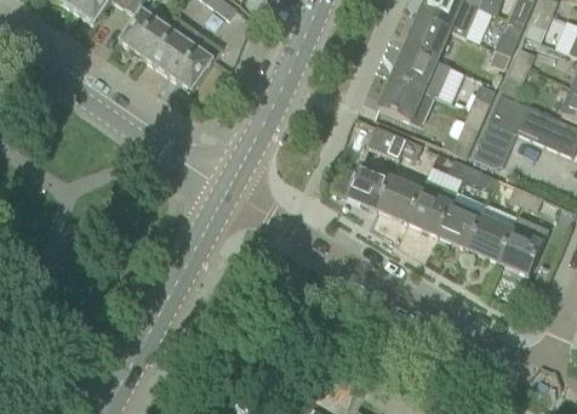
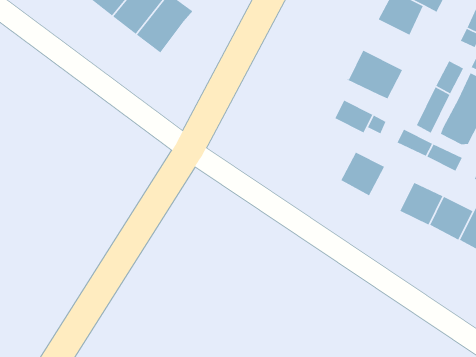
building: [390,45,447,95] -> none
building: [345,164,390,209] -> none
building: [406,180,455,236] -> none

